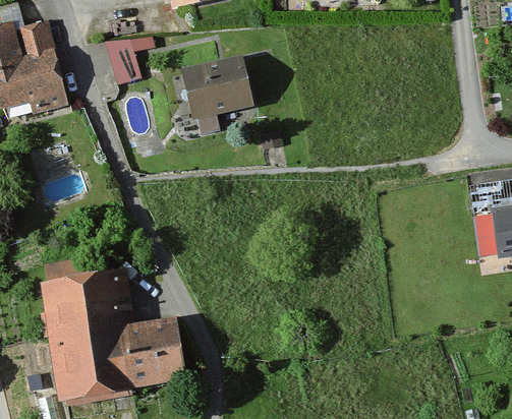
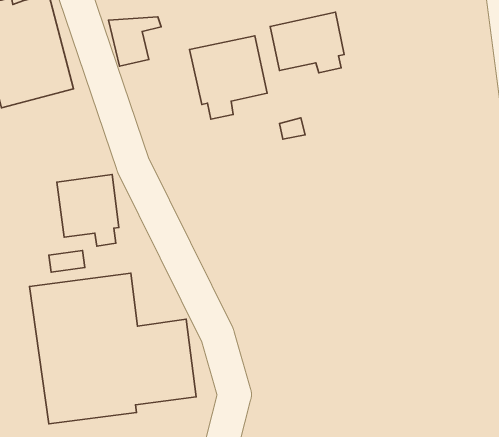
building: none -> [270,12,344,73]
building: none -> [57,174,119,246]

